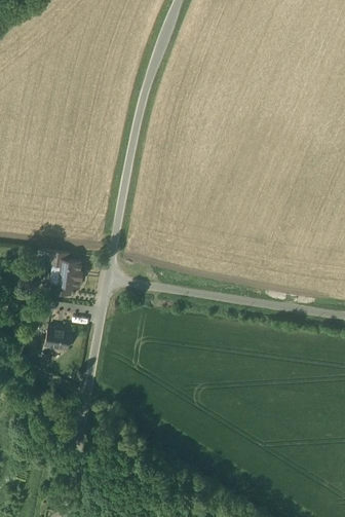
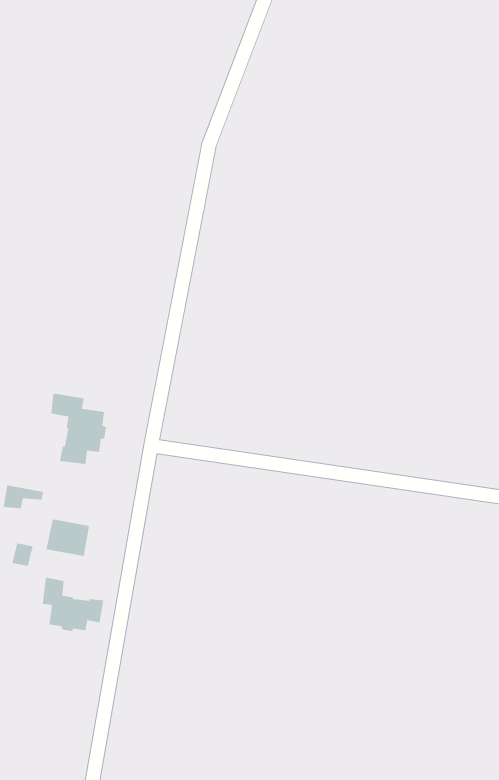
building: none -> [42,577,104,632]

